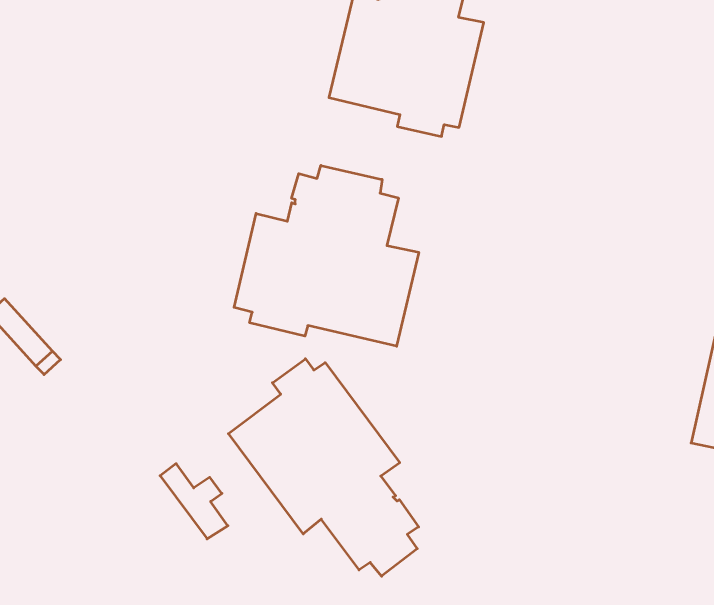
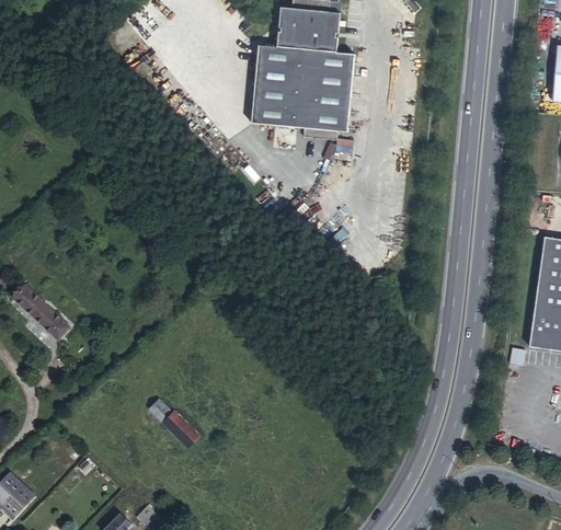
building: [234,165,419,346] -> none
building: [228,359,419,576] -> none

